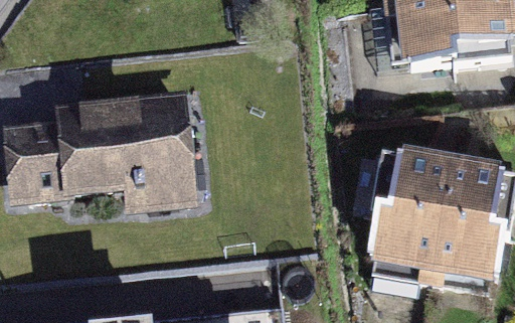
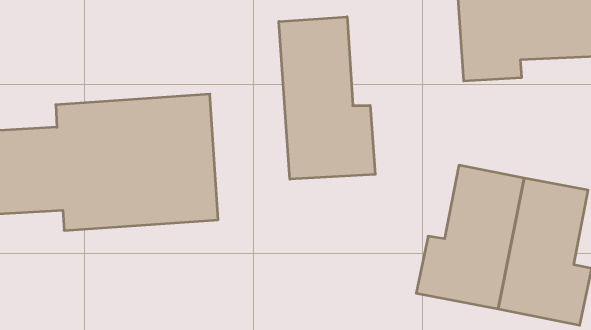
building: none -> [279,17,375,179]

